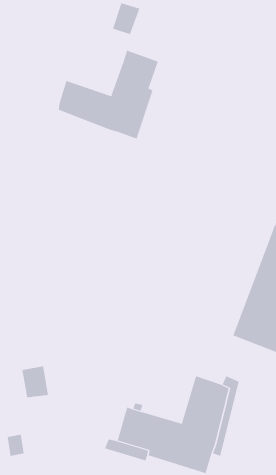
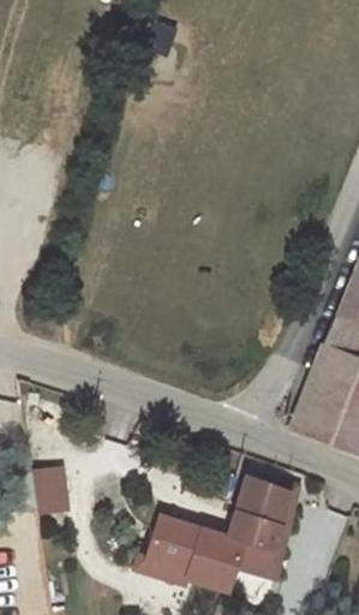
building: [58,50,158,140] -> none

